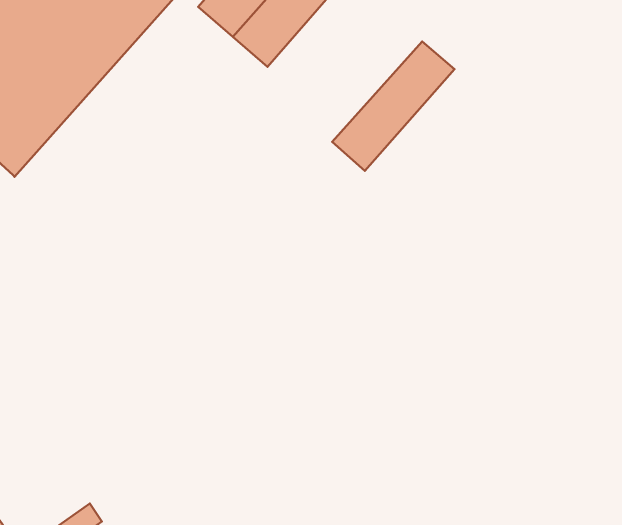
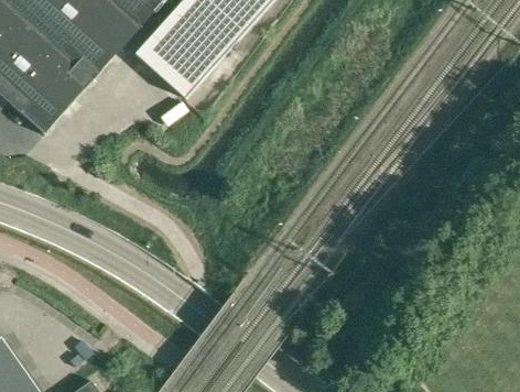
building: none -> [134,7,229,100]
building: [332,41,454,171] -> none

